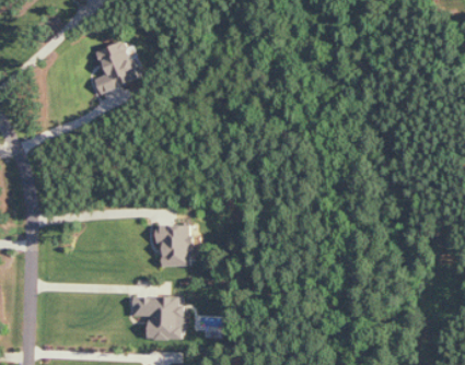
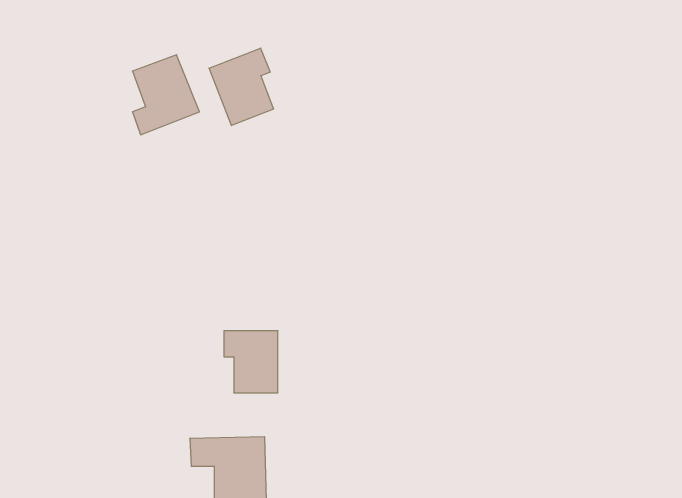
building: none -> [209,48,274,126]

